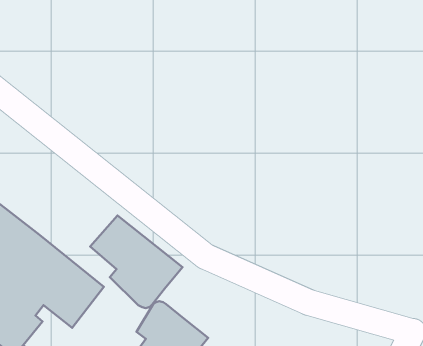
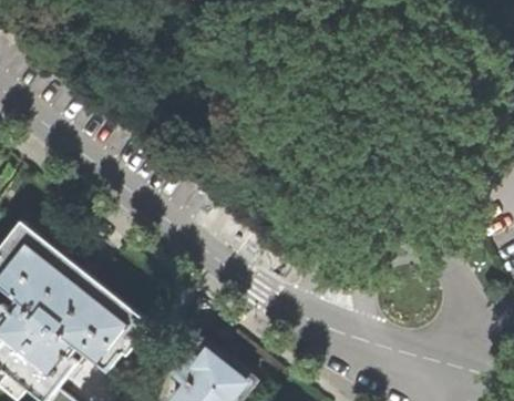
building: [90,216,182,308] -> none

